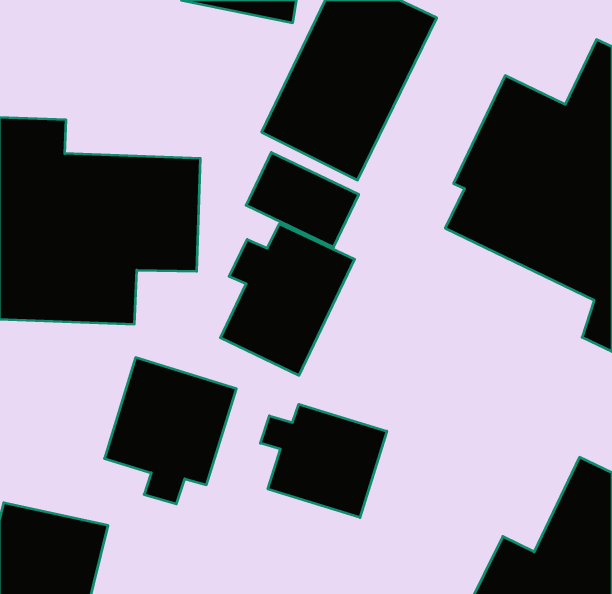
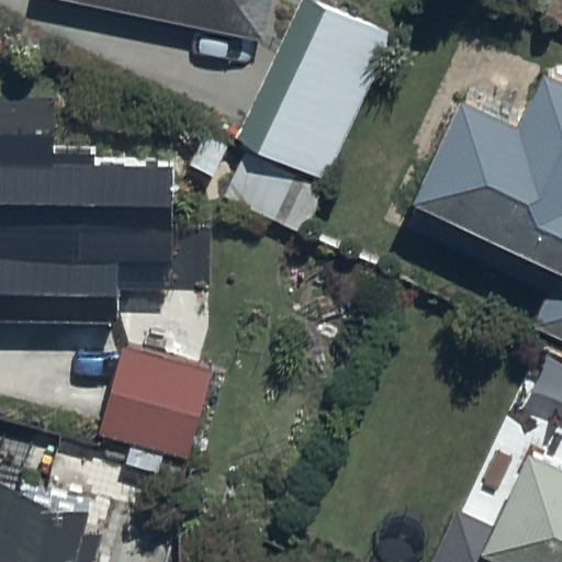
building: [220,224,355,375] -> none
building: [260,404,387,518] -> none

